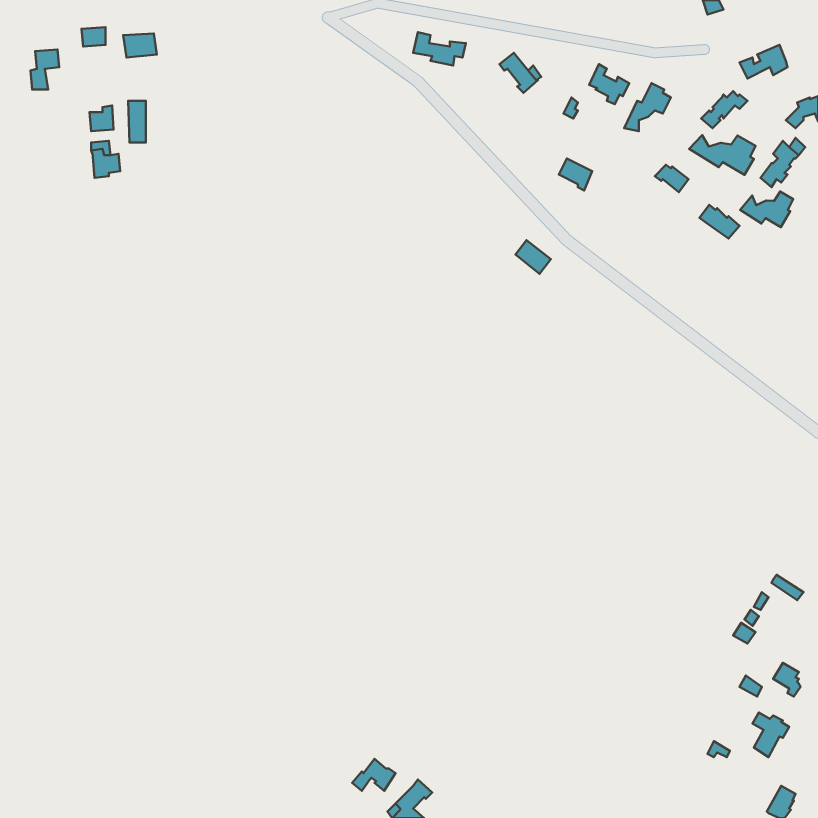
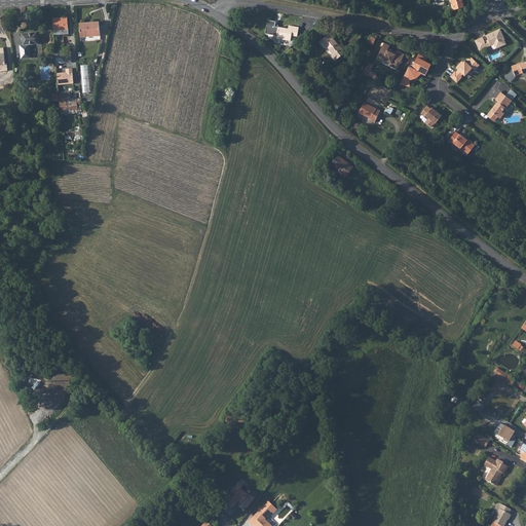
building: [689,135,755,175] -> none
building: [740,191,793,227] -> none

